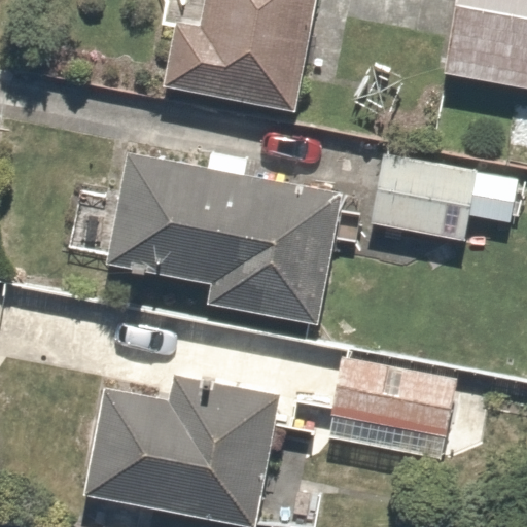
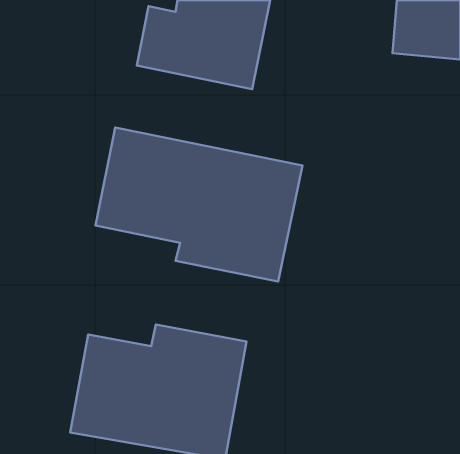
building: [368,153,478,241] -> none
building: [331,352,461,434] -> none

